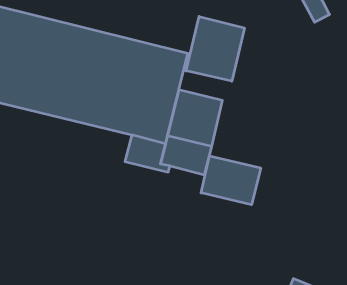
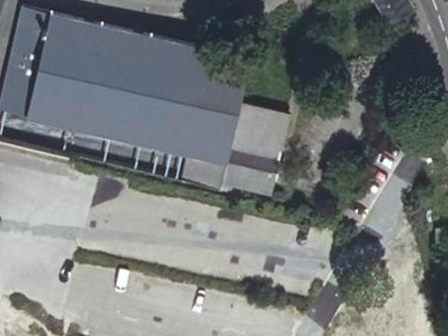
building: [186,16,244,81] -> none
building: [201,156,261,205] -> none

